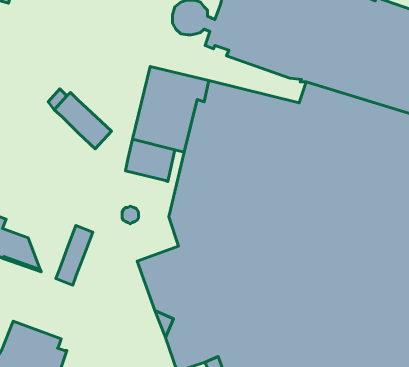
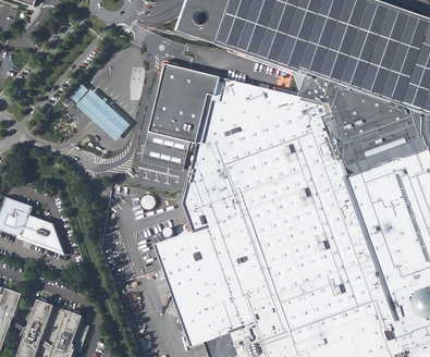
building: [56,226,93,285] -> none

